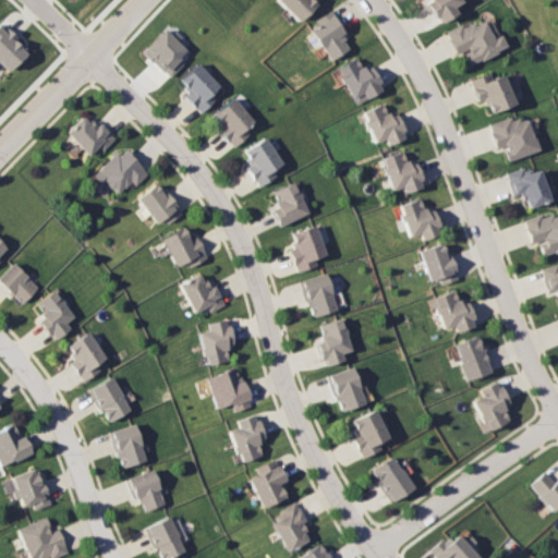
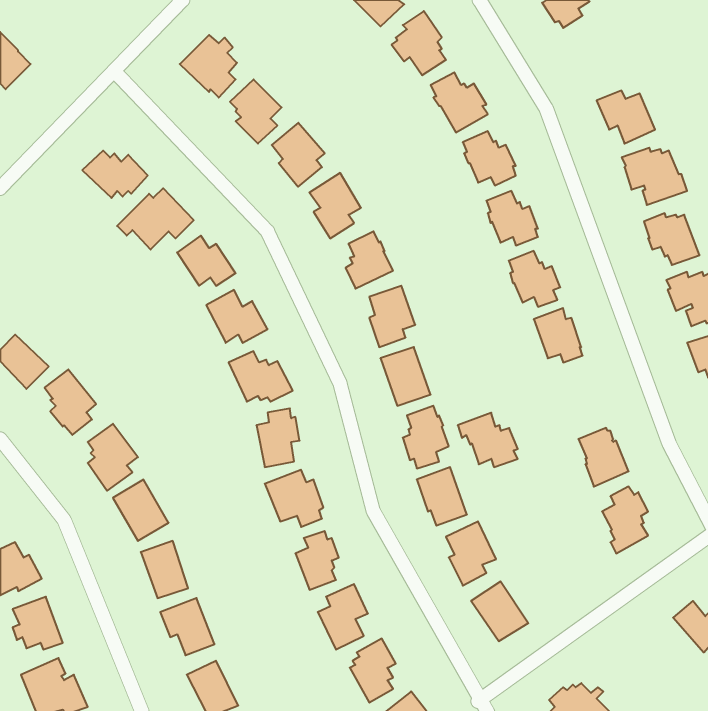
building: [448,21,508,65] -> none
building: [429,290,476,332] -> [458,413,518,467]

